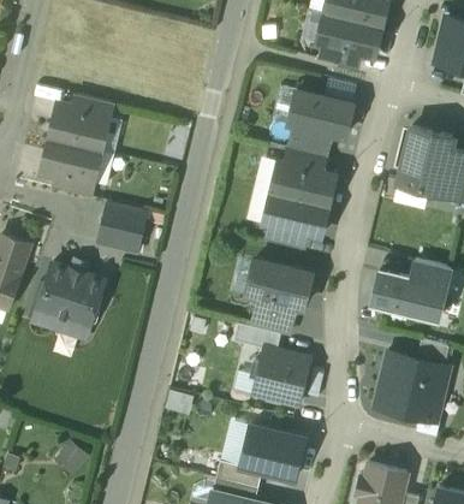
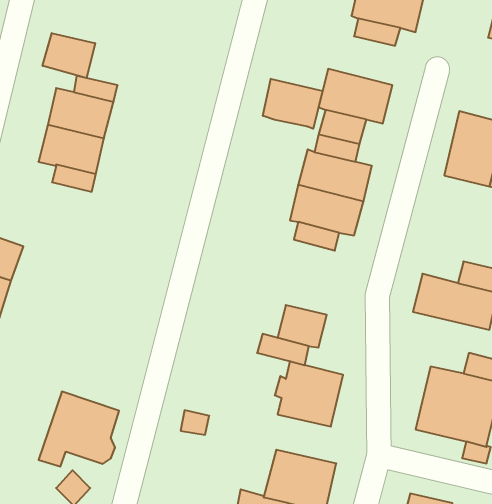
building: none -> [43,33,95,78]
building: none -> [263,79,323,129]
building: [99,202,145,253] -> none
building: [246,260,311,307] -> none
building: [32,263,103,330] -> [39,392,119,467]

